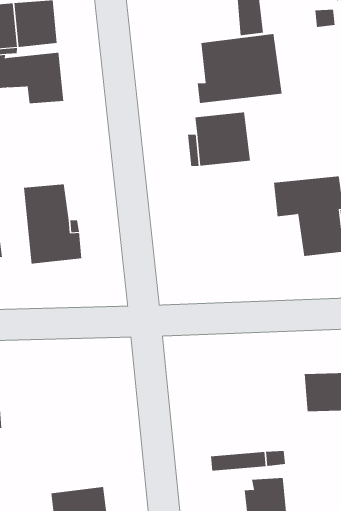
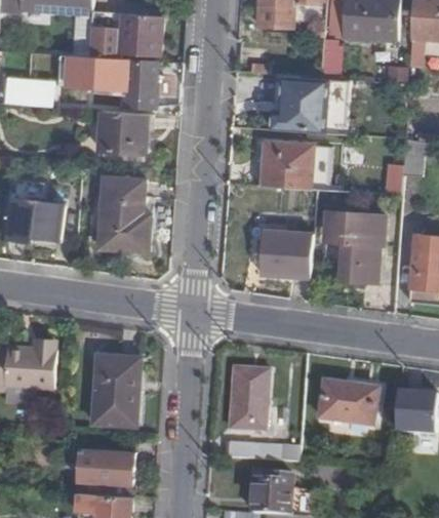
building: none -> [98,110,148,157]
building: none -> [256,230,313,276]
building: none -> [230,368,265,428]
building: none -> [93,356,134,423]

